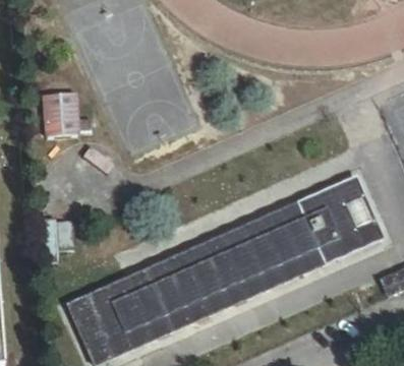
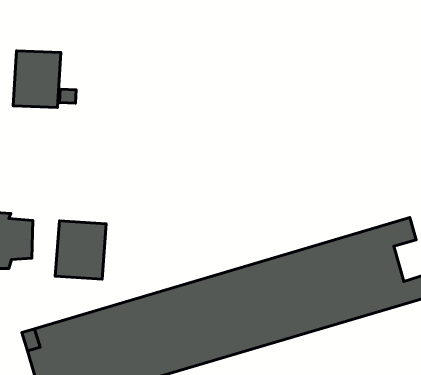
building: none -> [55,221,106,279]

